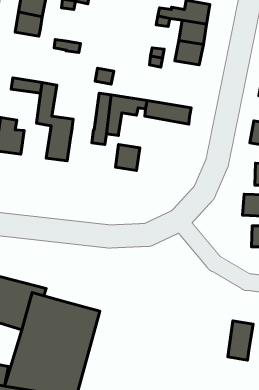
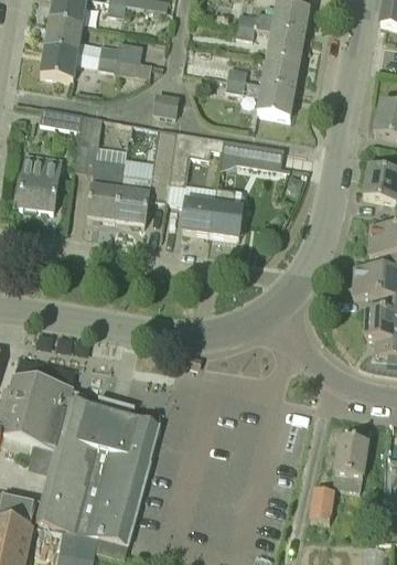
building: none -> [99,41,142,62]
building: none -> [40,45,77,78]
building: none -> [257,84,294,117]
building: none -> [116,174,151,224]
building: none -> [210,186,243,236]
building: none -> [310,487,334,521]

